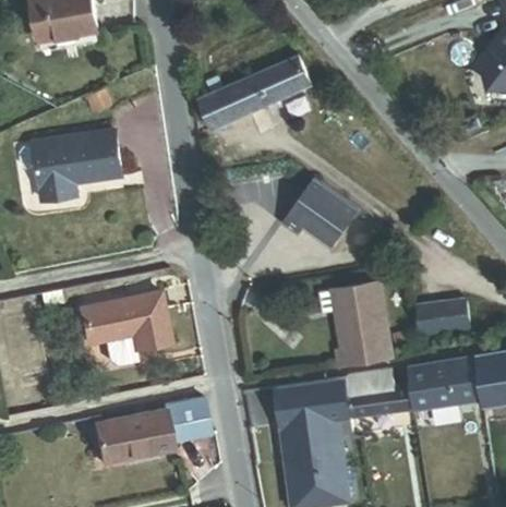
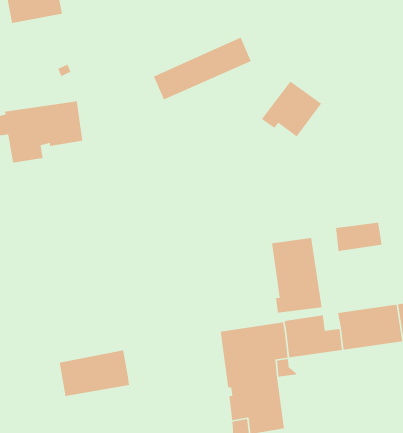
building: [286,182,354,246] -> [261,80,322,138]
building: [79,290,170,362] -> none
building: [415,300,469,334] -> [335,222,383,252]
building: [166,397,212,440] -> none

